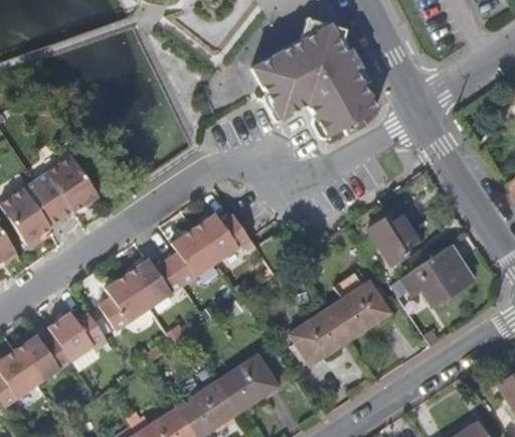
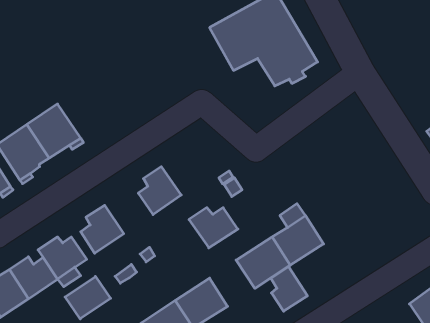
building: [196,212,253,260] -> [189,208,238,248]
building: [365,215,416,269] -> none
building: [396,250,468,309] -> none
building: [130,257,186,305] -> none
building: none -> [271,266,307,311]
building: none -> [65,276,111,319]

